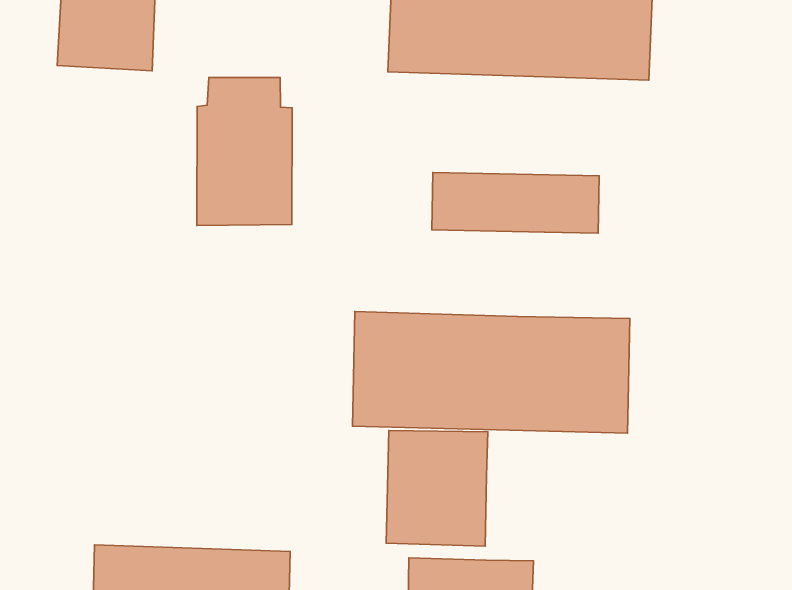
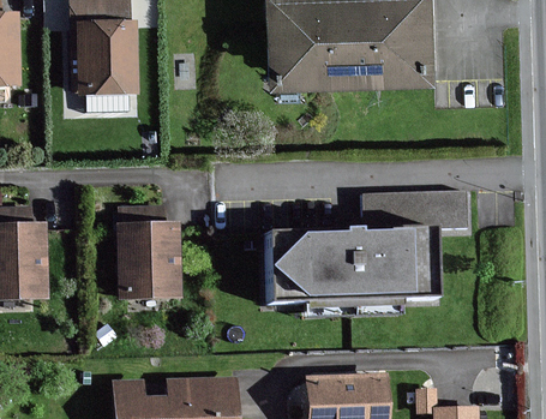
building: [197,78,292,225] -> [115,205,176,298]
building: [432,173,599,233] -> [362,191,464,229]
building: [386,431,488,546] -> none

